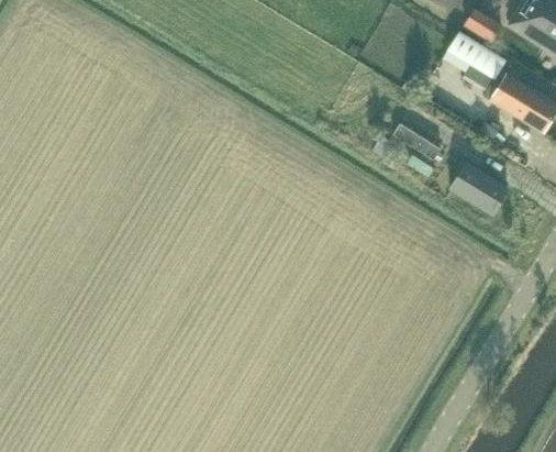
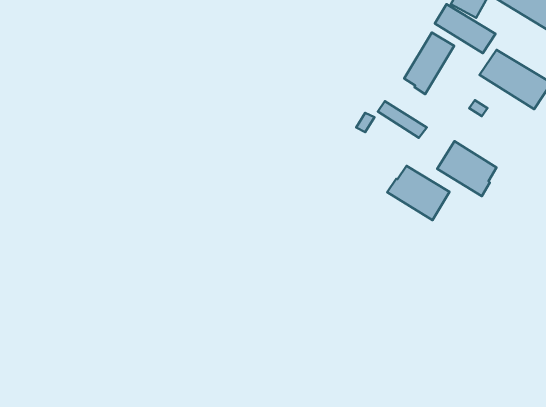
building: none -> [404,33,454,94]
building: none -> [387,166,450,220]

